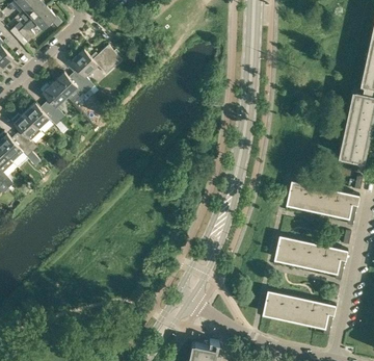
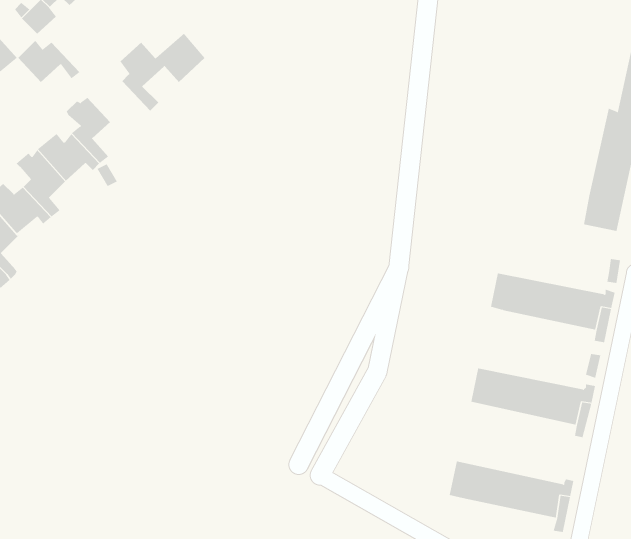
building: [53,73,89,98] -> [18,40,80,83]

